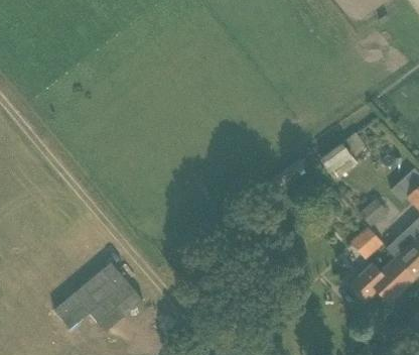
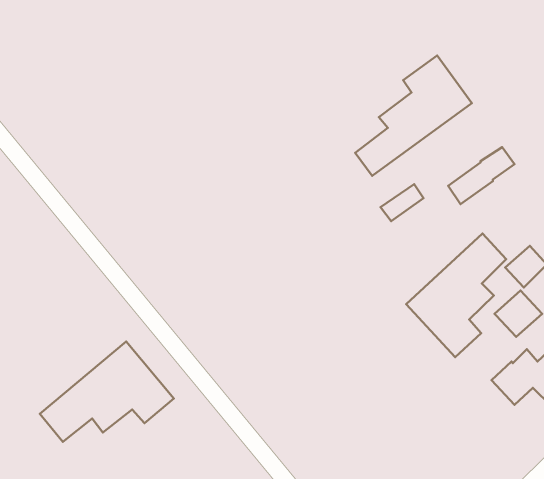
building: none -> [355,56,472,176]
building: none -> [406,234,506,357]

